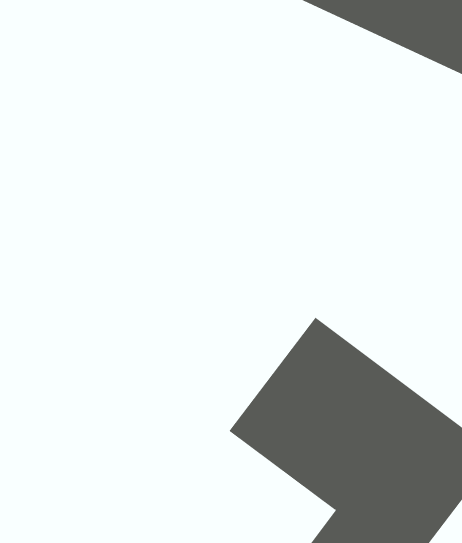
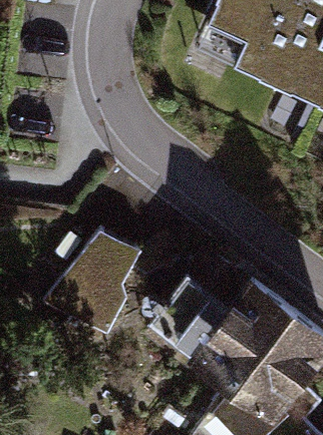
building: none -> [46,231,145,335]

